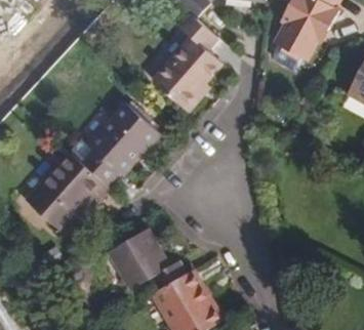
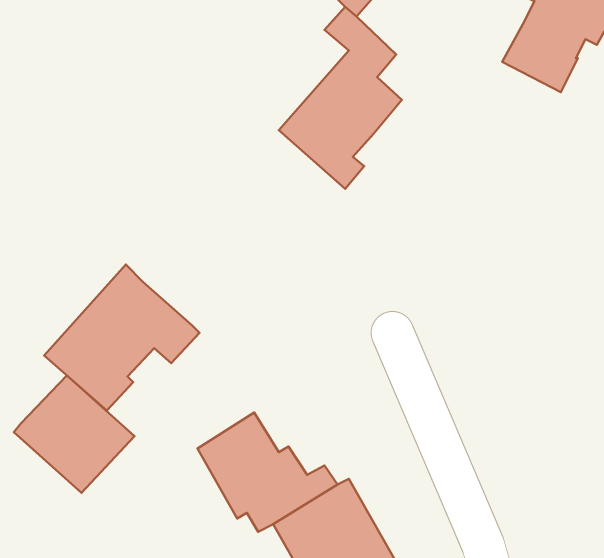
building: [80,101,159,184] -> none
building: none -> [14,375,135,493]

